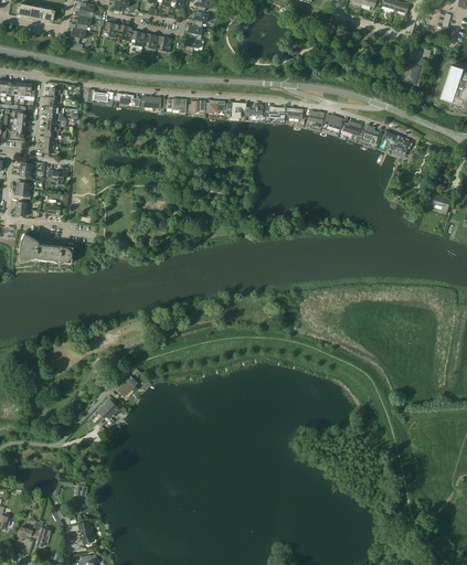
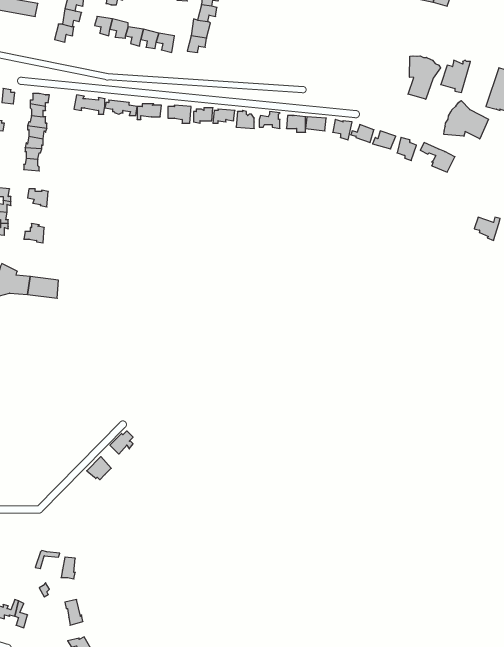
building: none -> [408,56,441,99]
building: none -> [444,101,488,139]

